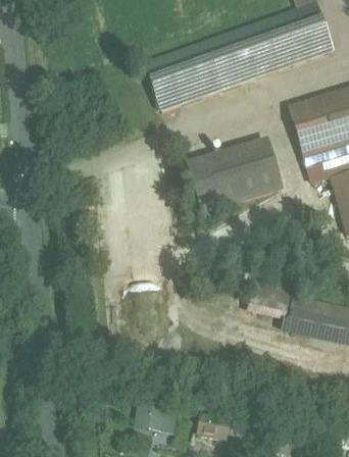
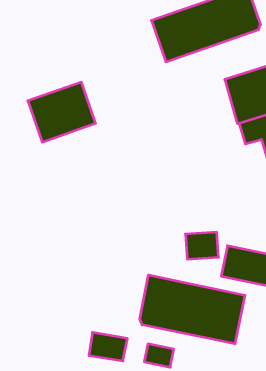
building: [145,41,222,109] -> [28,82,96,142]
building: [188,141,282,211] -> none
building: none -> [140,275,245,344]

